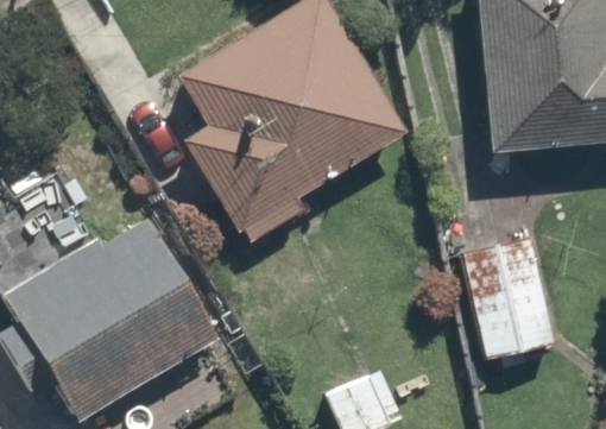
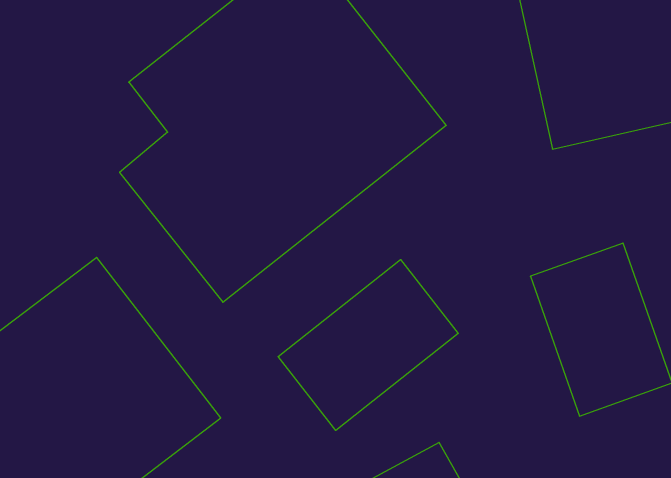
building: none -> [278,260,458,430]

